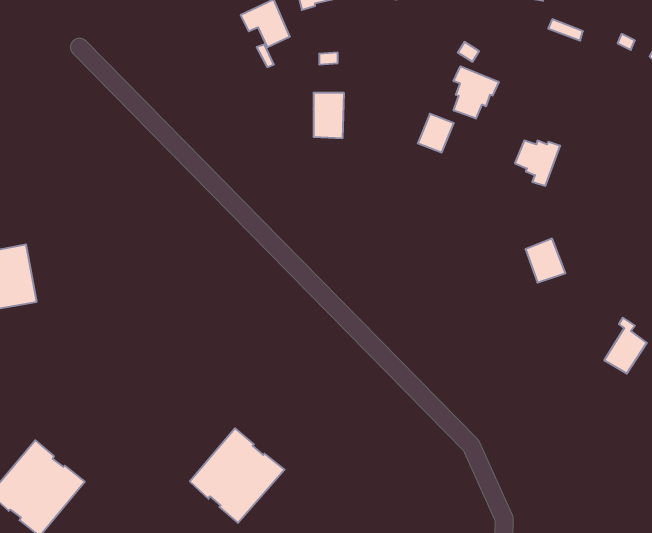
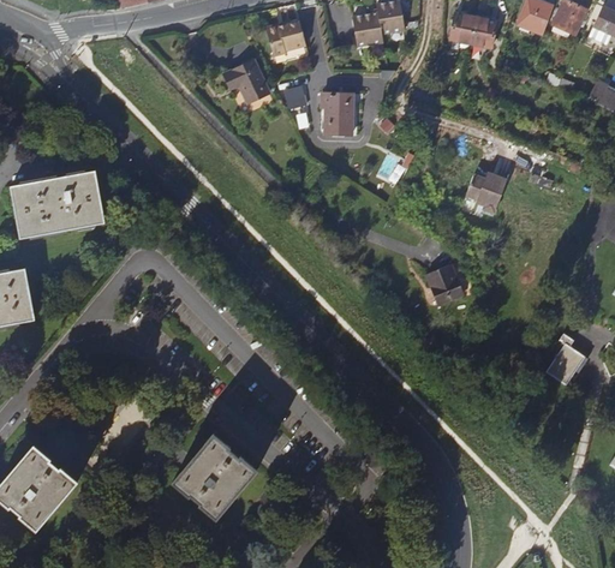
building: [454,66,499,119] -> none
building: [313,93,344,138] -> [324,94,352,134]
building: none -> [10,172,103,239]
building: [525,239,565,283] -> [423,262,459,301]

